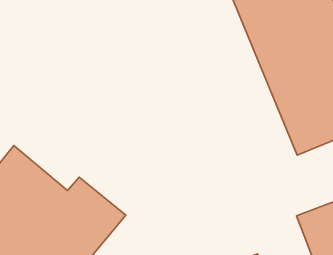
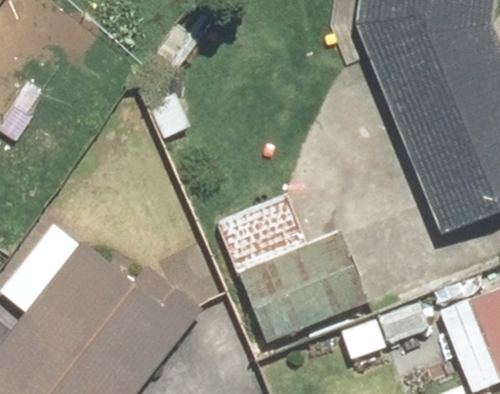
building: none -> [223,185,363,334]

